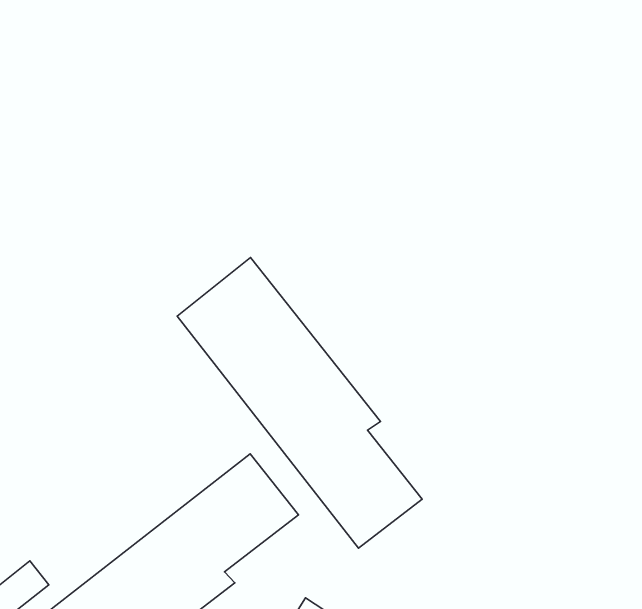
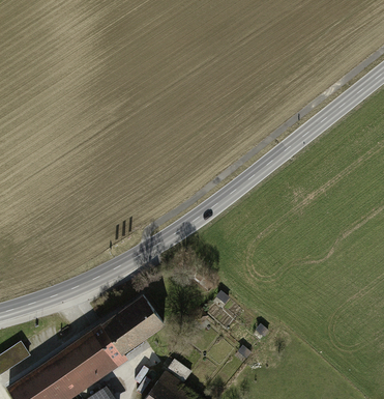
building: [177,258,422,548] -> none

